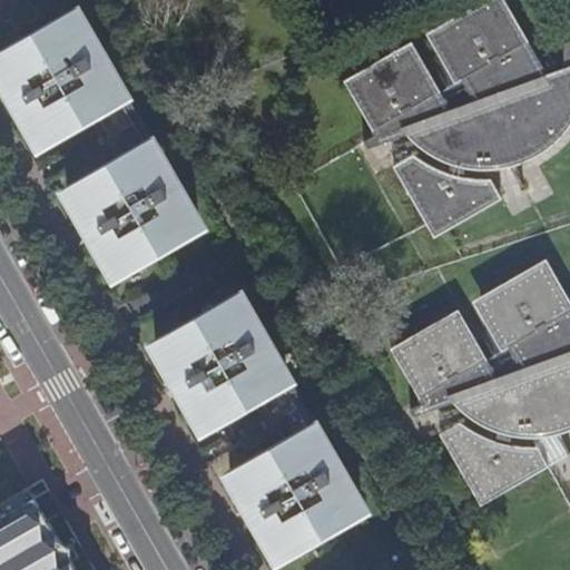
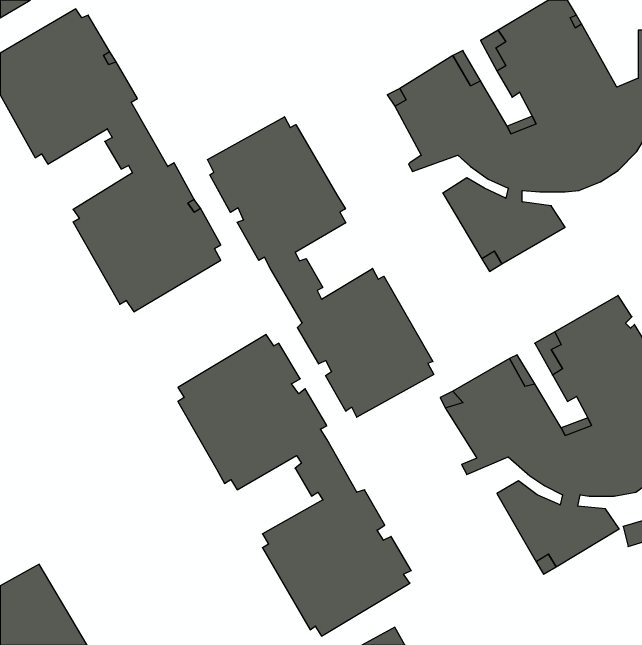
building: none -> [207,117,434,417]

